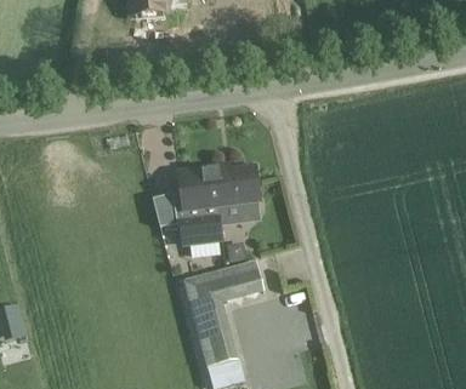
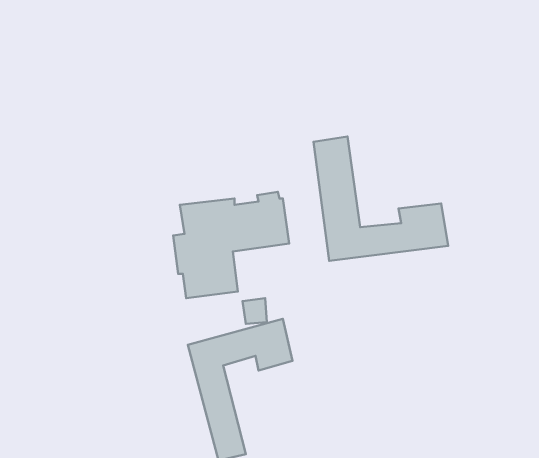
building: none -> [313,137,448,261]

